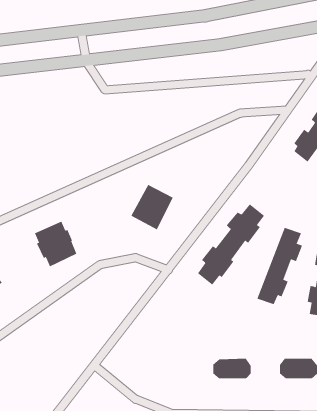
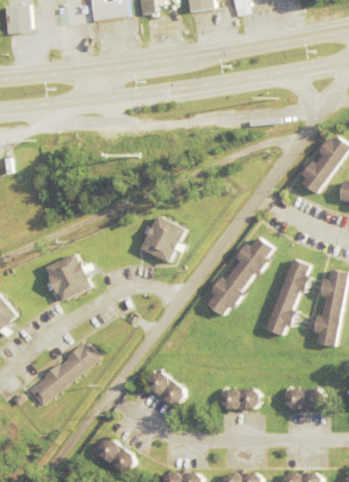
building: none -> [29,343,99,406]
building: none -> [148,371,183,402]

